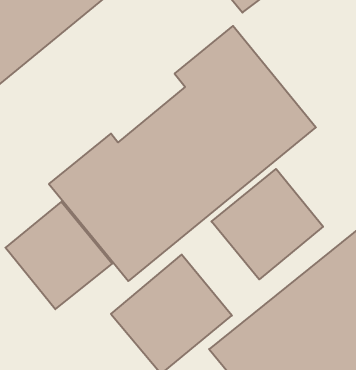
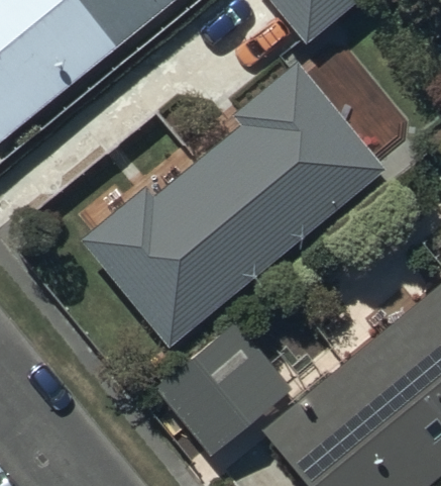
building: [211,169,323,279] -> none
building: [5,202,112,309] -> none

